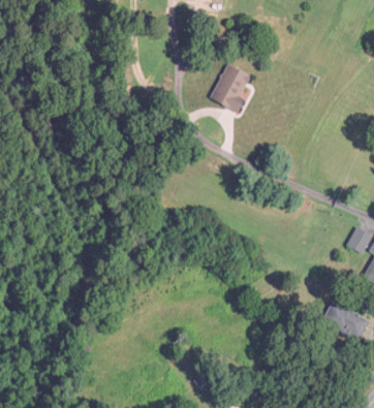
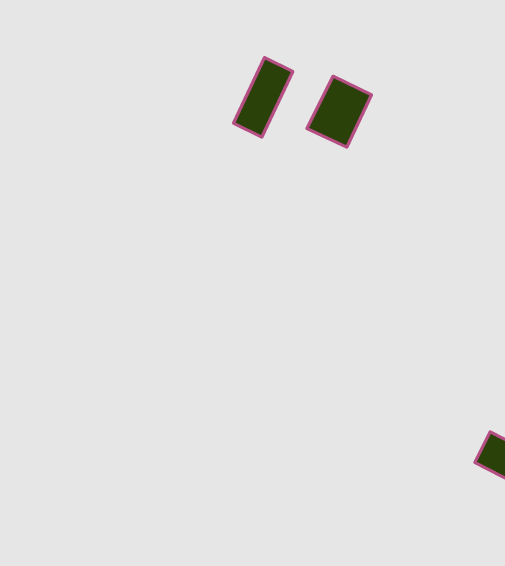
building: none -> [233,58,293,137]

